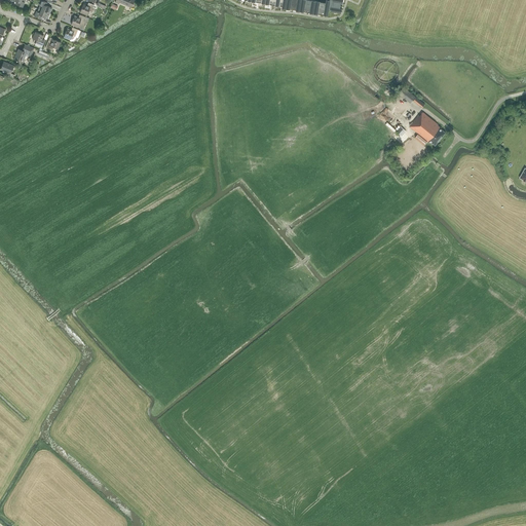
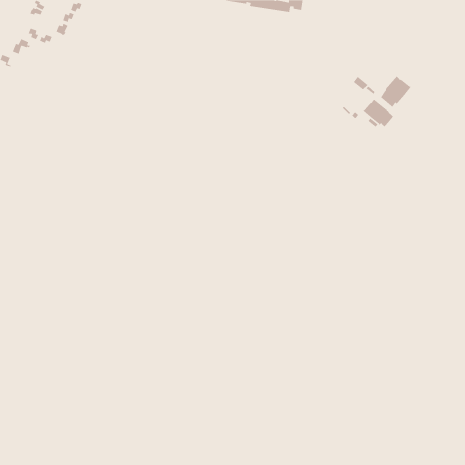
building: none -> [380,76,412,108]

